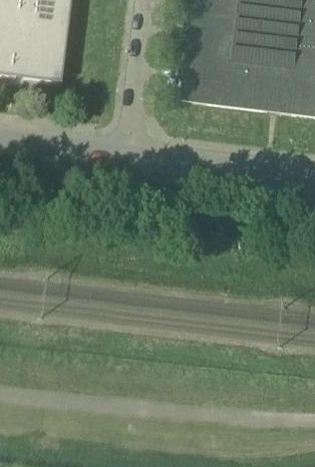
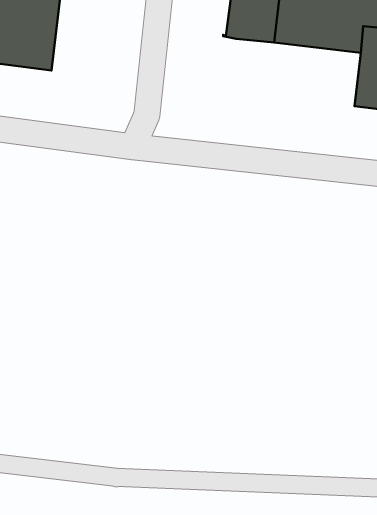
building: [195,56,298,109] -> none

